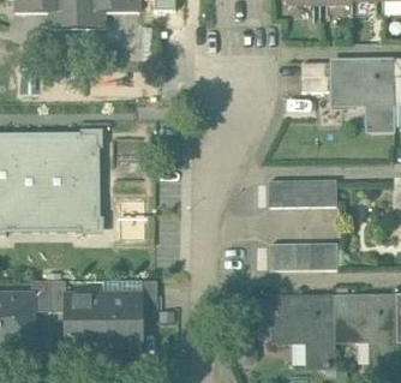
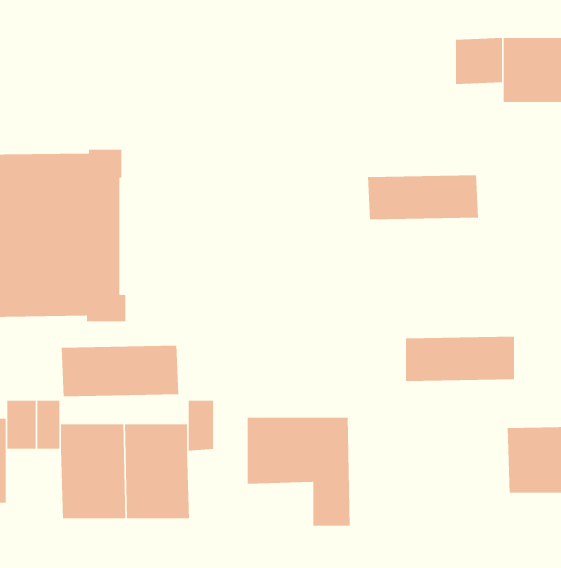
building: [269,178,336,205] -> [367,174,479,220]
building: none -> [61,345,179,397]
building: [271,297,334,363] -> [247,417,350,526]

